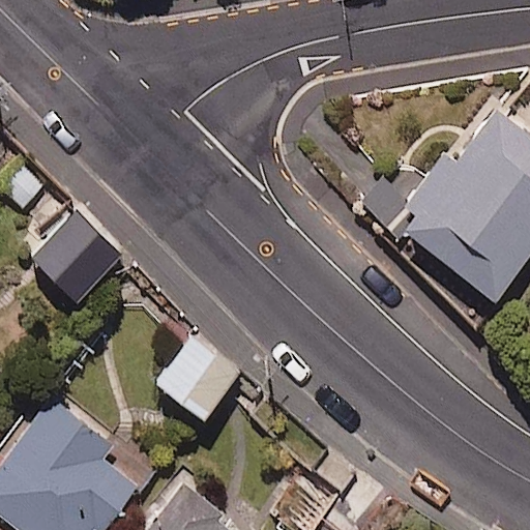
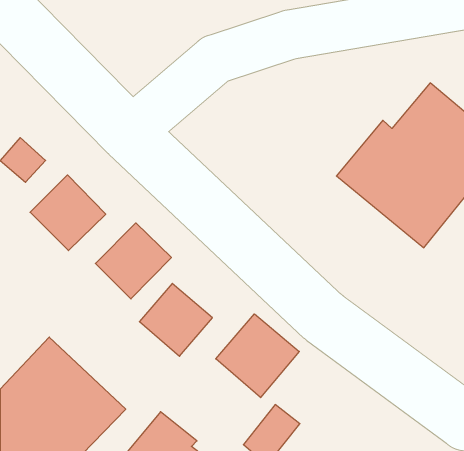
building: none -> [95,223,171,299]
building: none -> [216,314,299,398]

